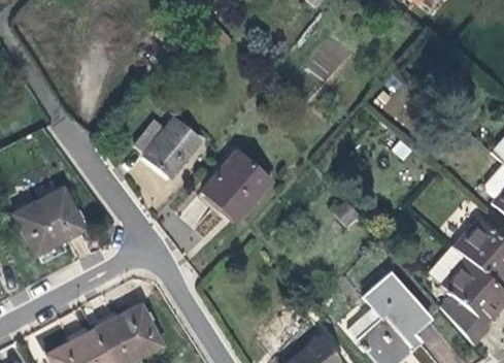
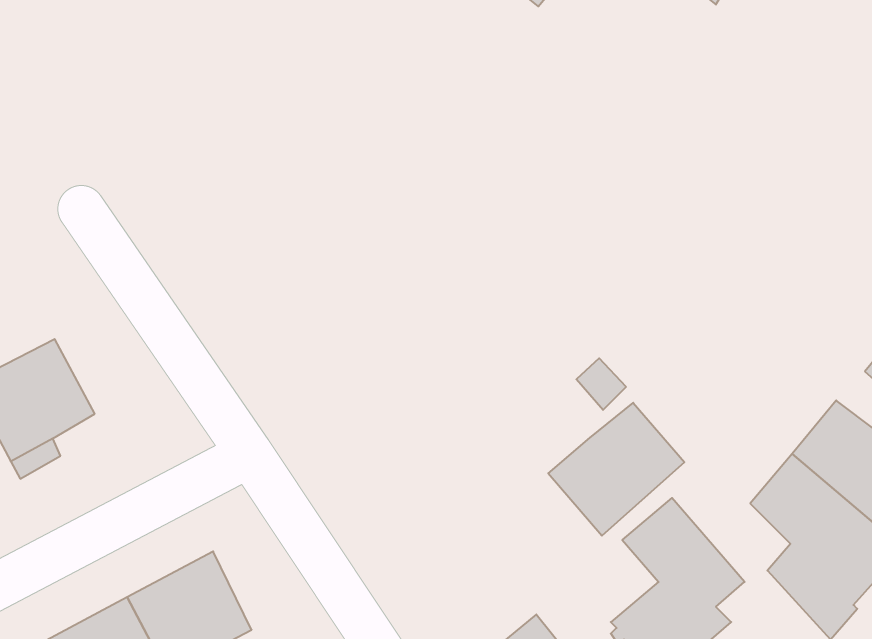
building: [136,119,201,177] -> none
building: [202,153,268,221] -> none
building: none -> [548,403,684,536]

